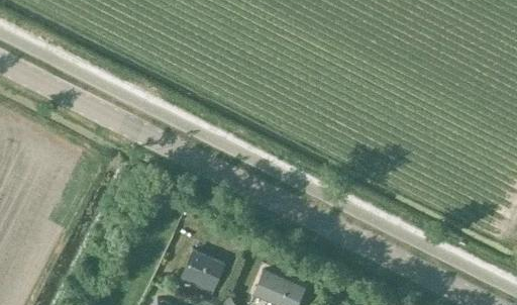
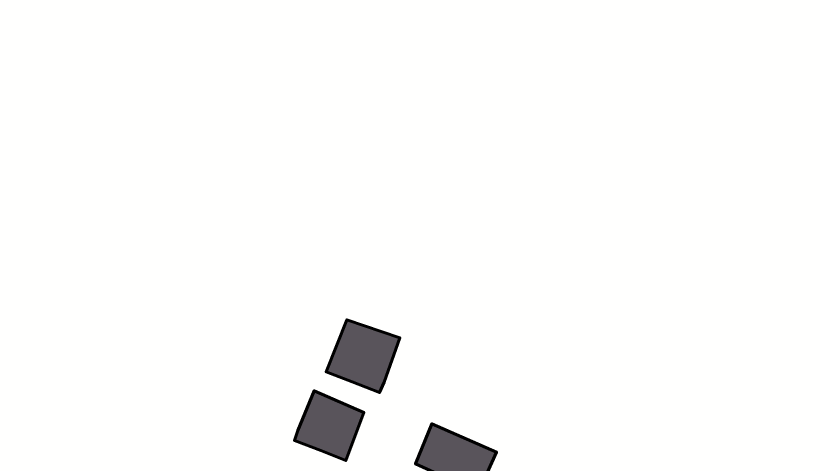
building: none -> [326,320,400,393]

